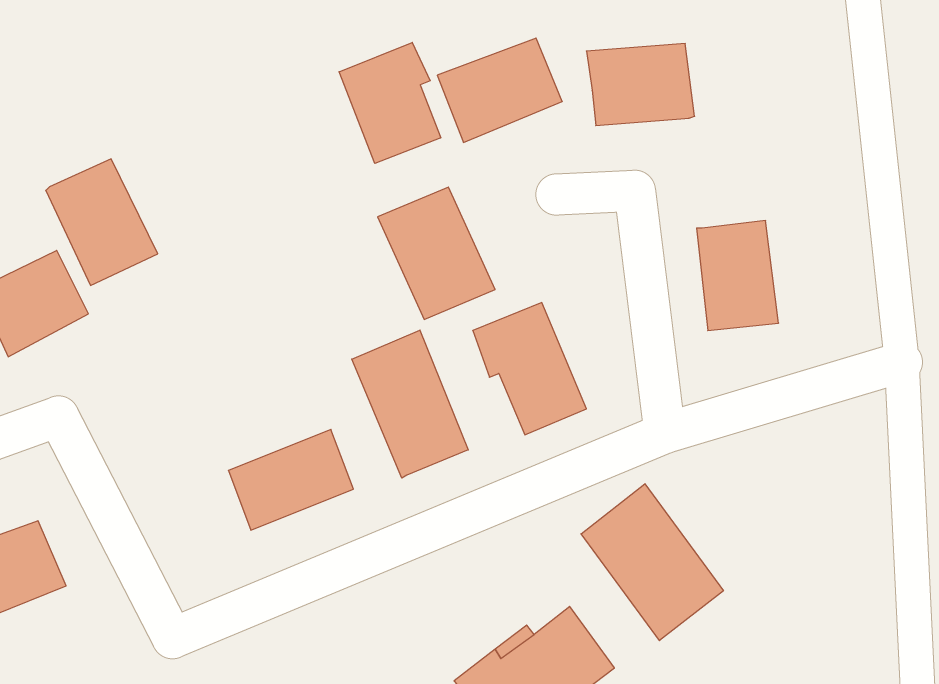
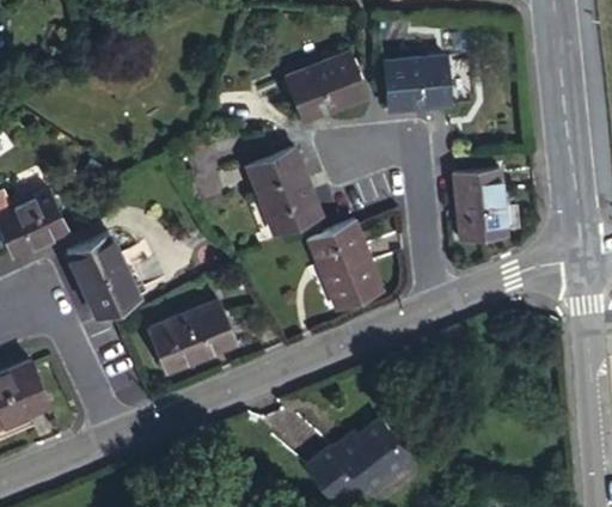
building: [339,42,441,163] -> none
building: [46,159,158,285] -> [67,236,139,317]
building: [352,330,468,478] -> none
building: [581,484,723,641] -> none

